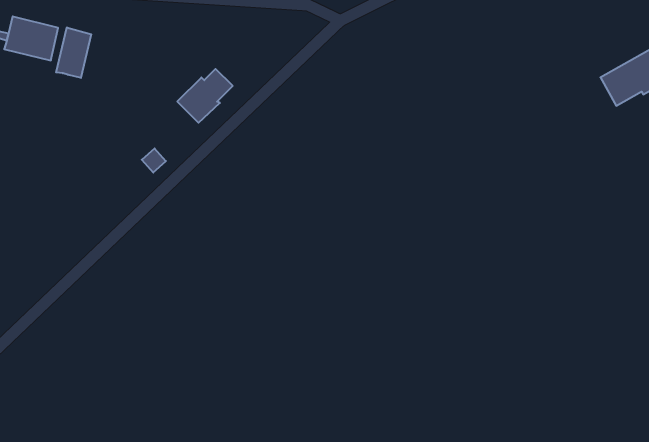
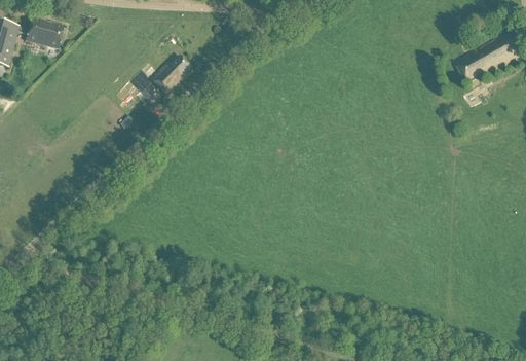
building: [56,27,91,78] -> none

